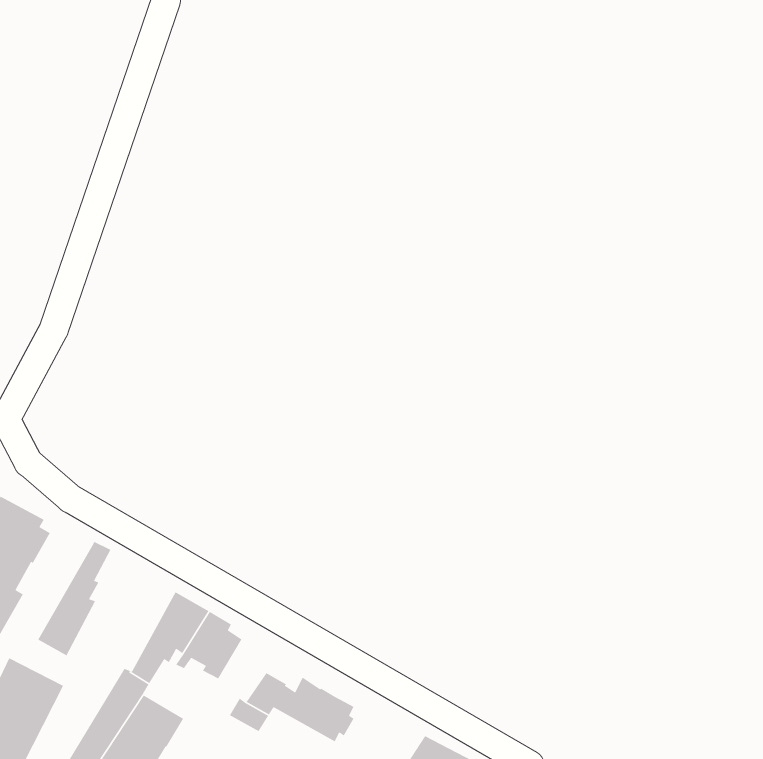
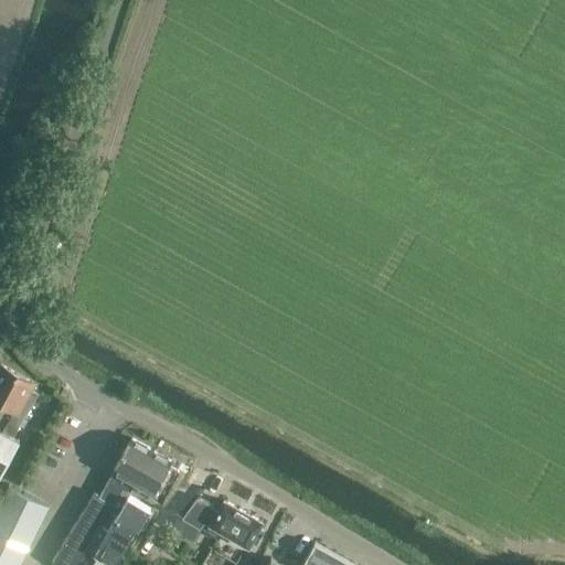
building: [37,541,111,656] -> none
building: none -> [106,483,149,534]

